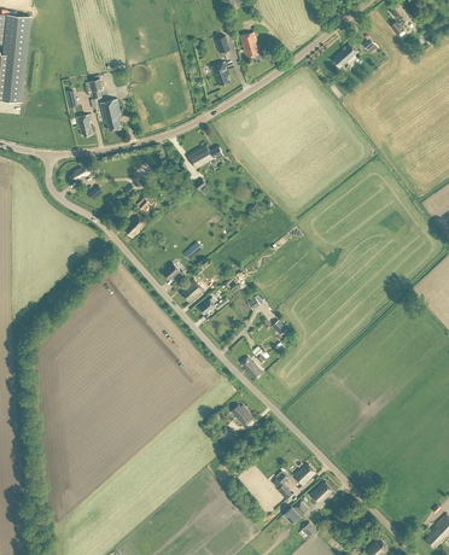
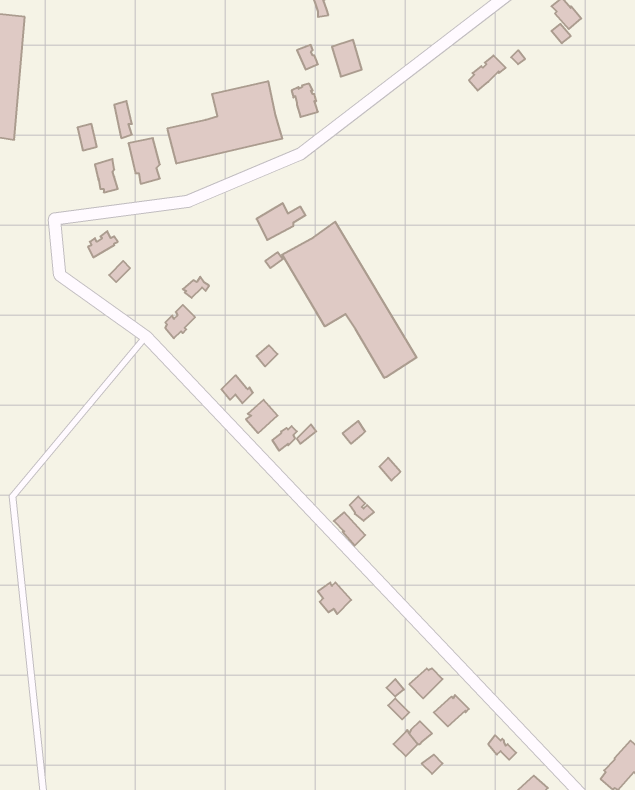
building: none -> [168,81,282,164]
building: none -> [282,222,417,378]

